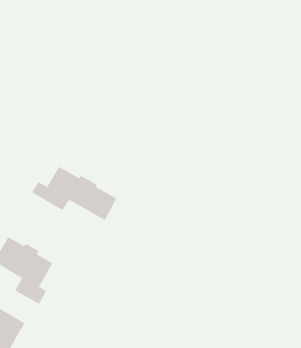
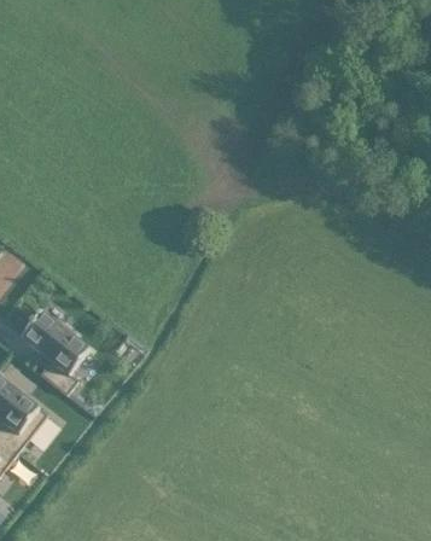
building: [31,166,117,221] -> none

